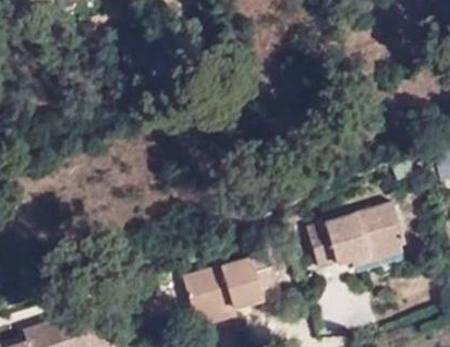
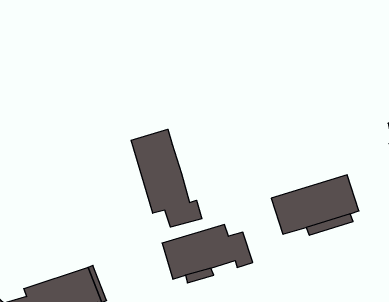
building: none -> [131,129,202,227]

